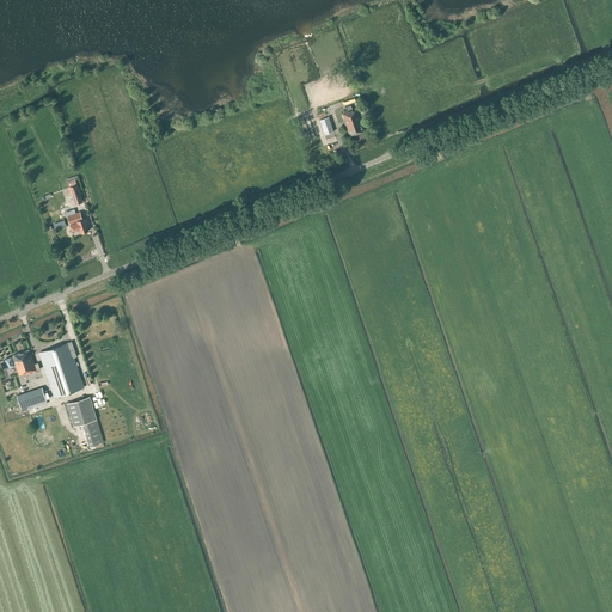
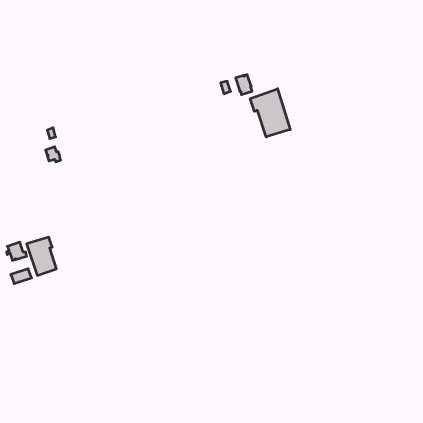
building: none -> [250,89,290,137]
building: [66,398,103,447] -> none

